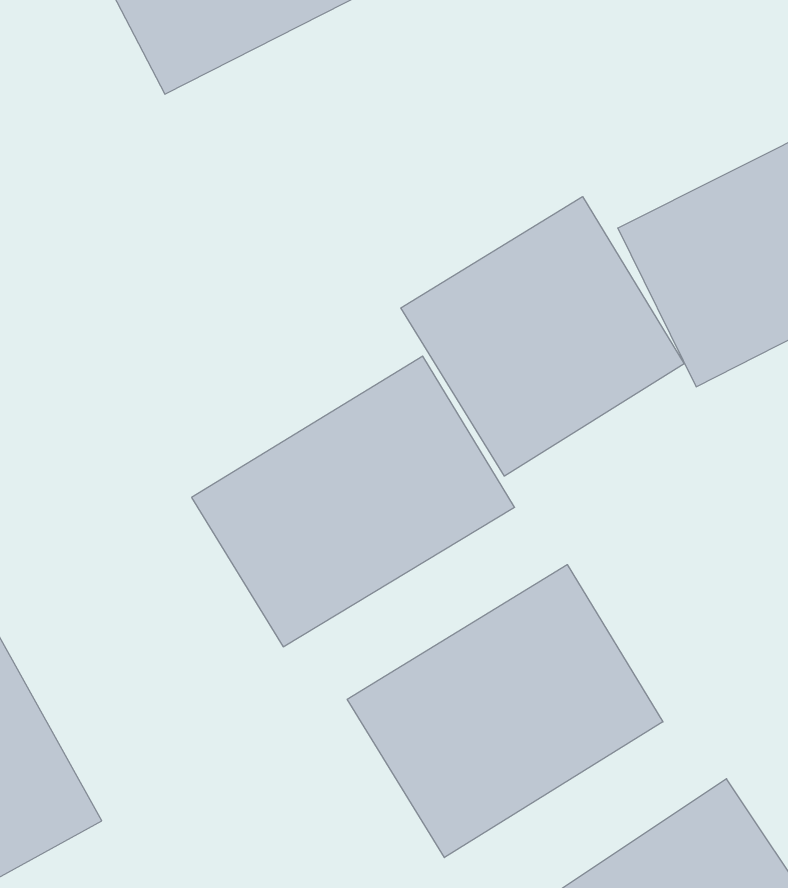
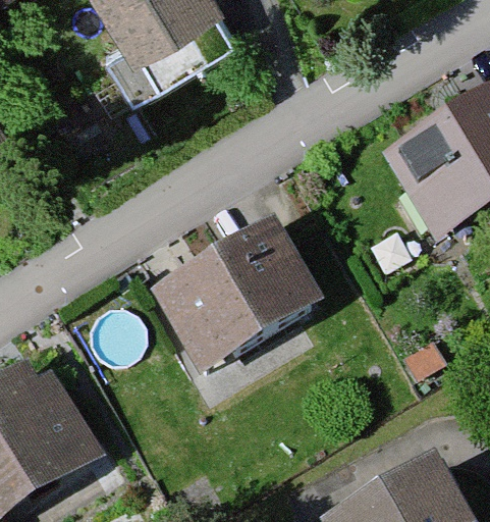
building: [401,197,684,476] -> none
building: [347,565,663,858] -> none

